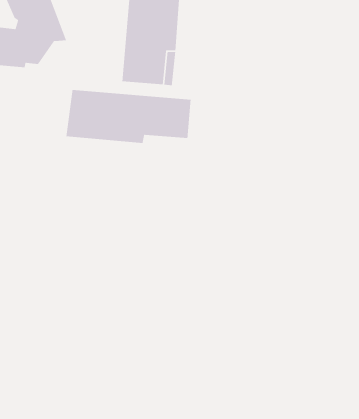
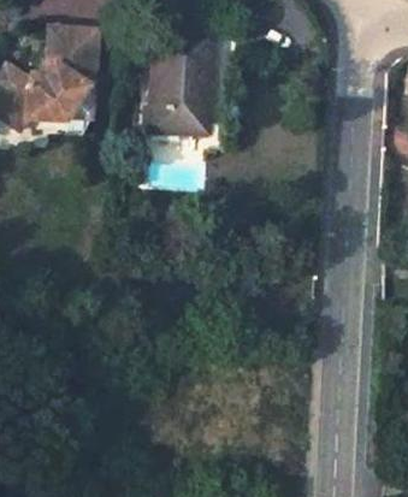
building: [65,89,192,144] -> none

